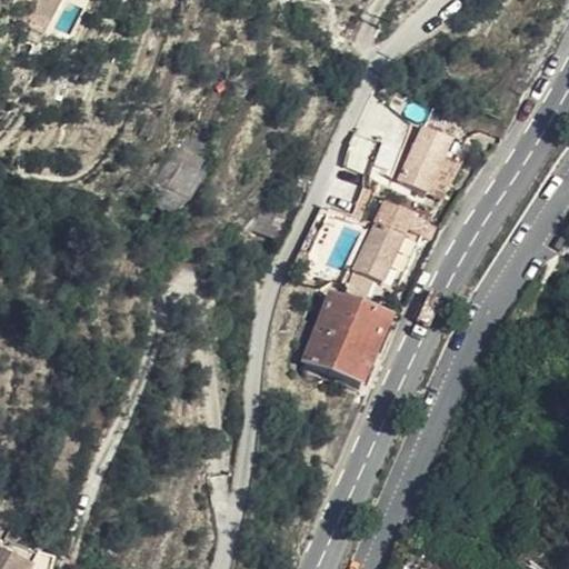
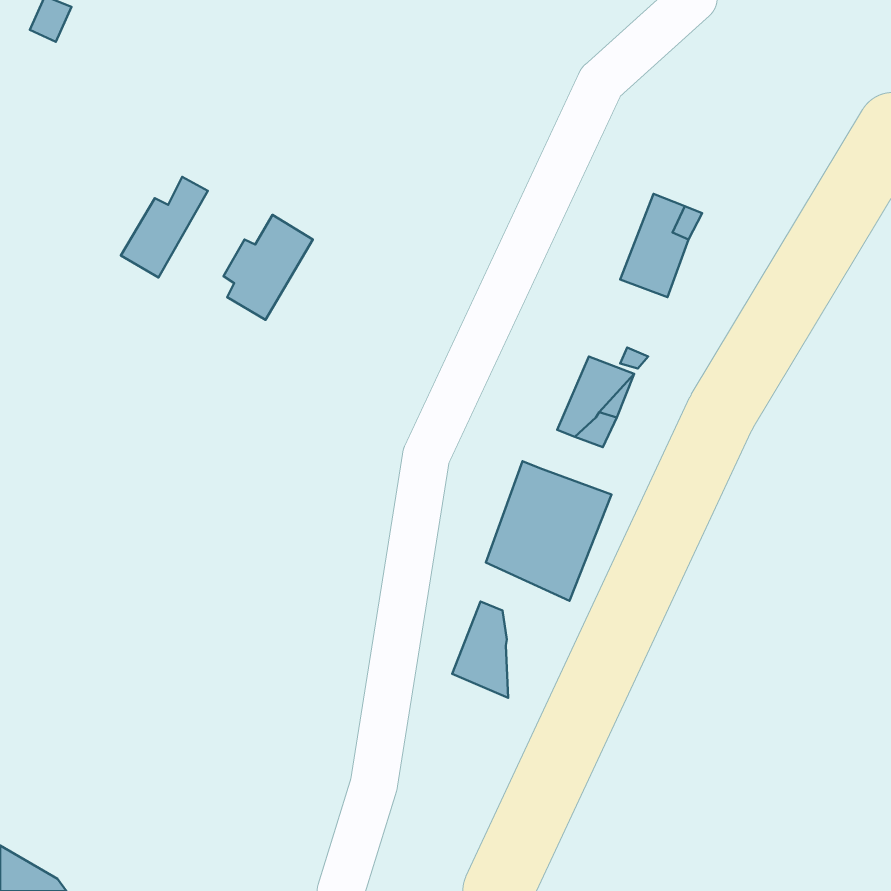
building: none -> [121,177,208,277]
building: none -> [452,601,508,698]

